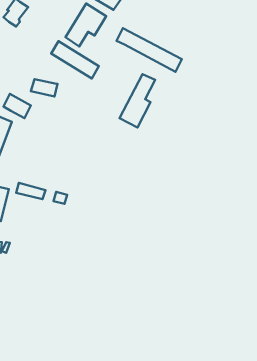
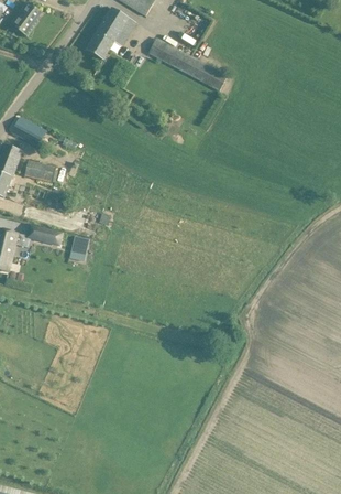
building: [51,41,99,79] -> none
building: [119,74,155,127] -> none
building: [31,79,57,97] -> [23,161,55,182]

